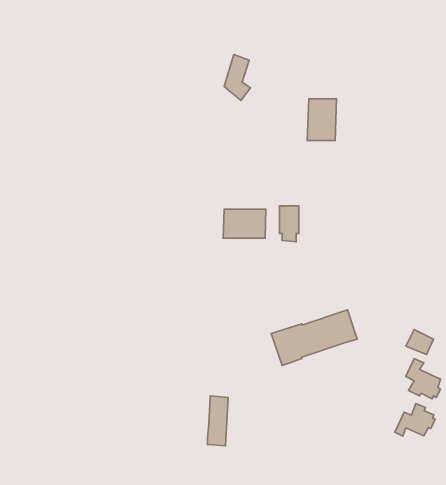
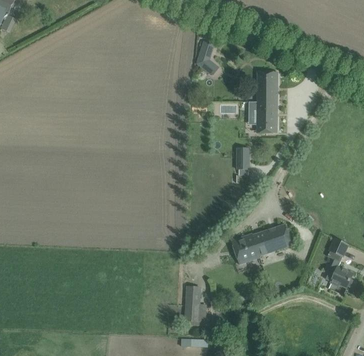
building: none -> [256,102,276,133]
building: [223,209,266,238] -> none
building: [395,404,435,436] -> none

